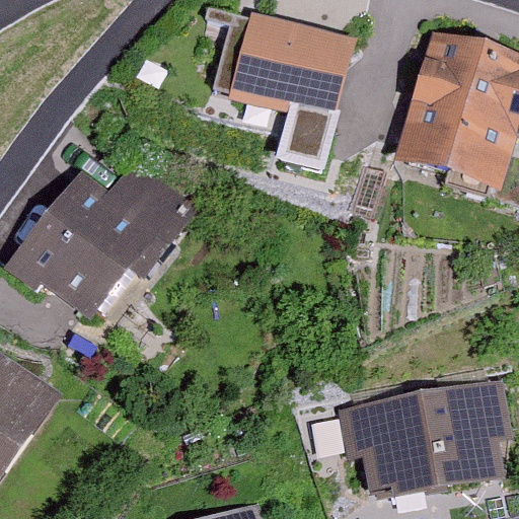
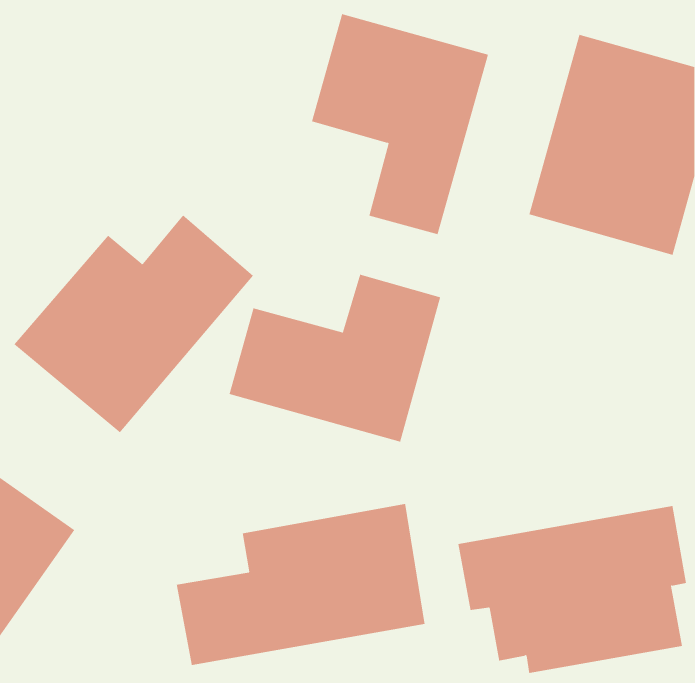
building: none -> [229,274,441,442]
building: none -> [176,503,425,666]

